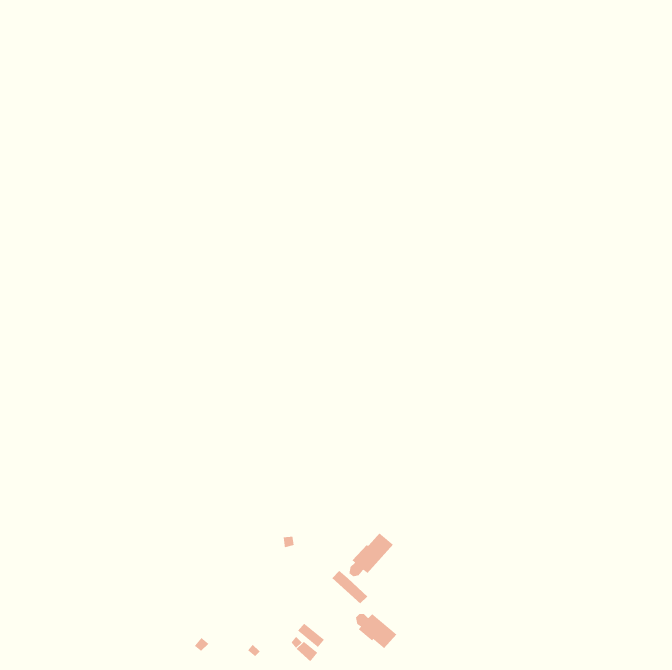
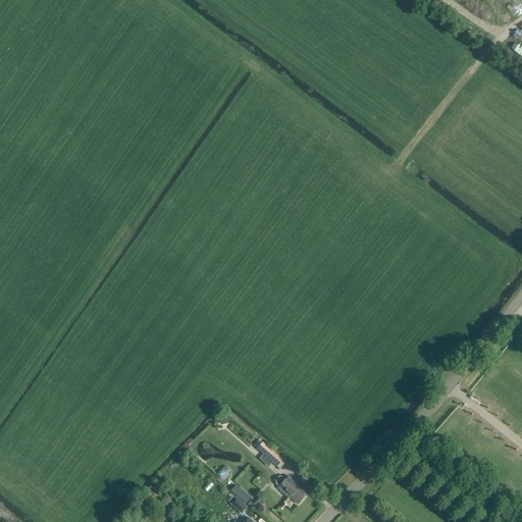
building: [349,533,394,577] -> none

